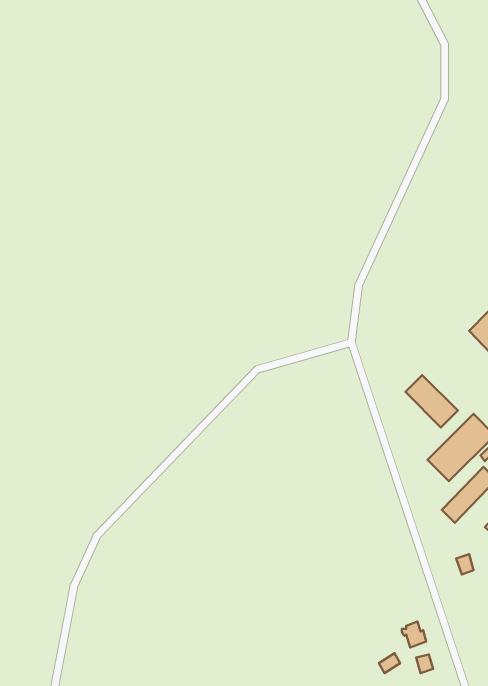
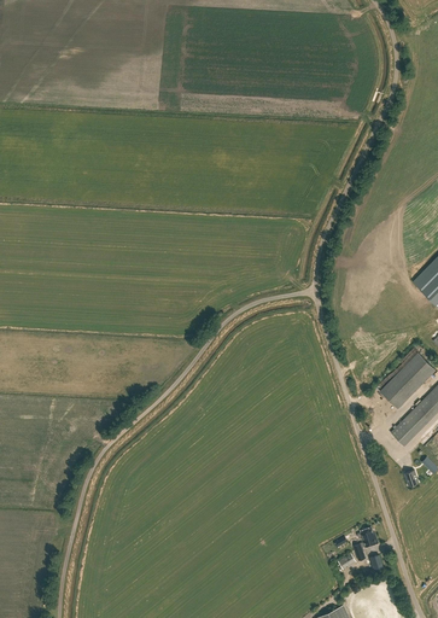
building: [406,375,458,427] -> none

